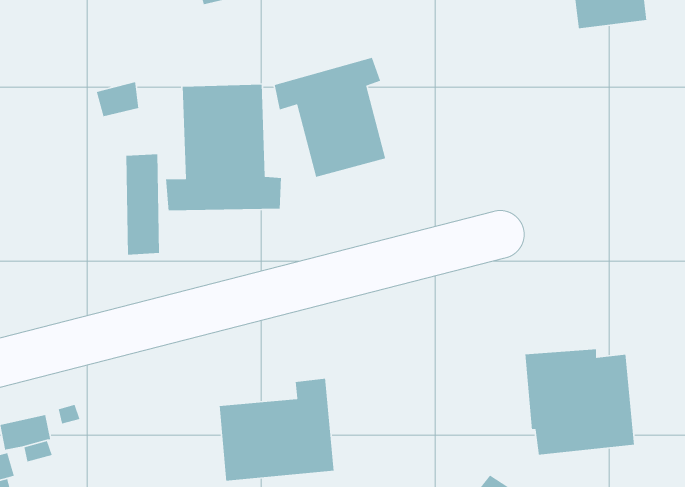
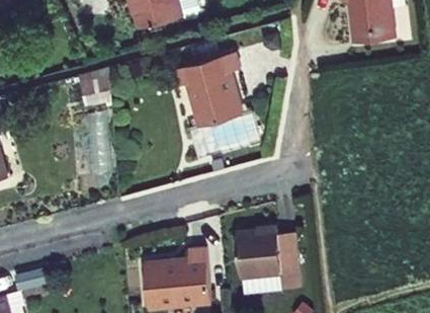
building: [165,84,282,211] -> none
building: [524,349,635,456] -> [236,229,300,292]

